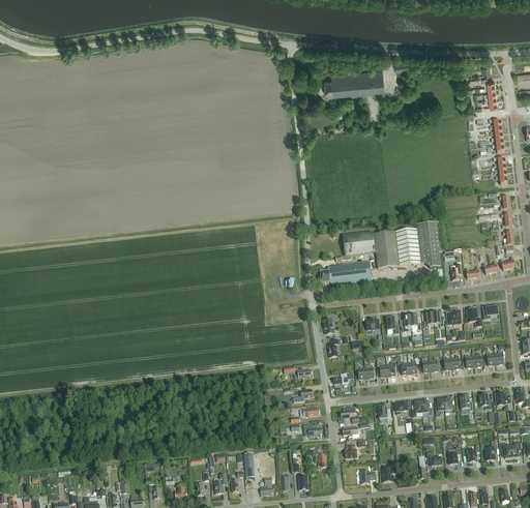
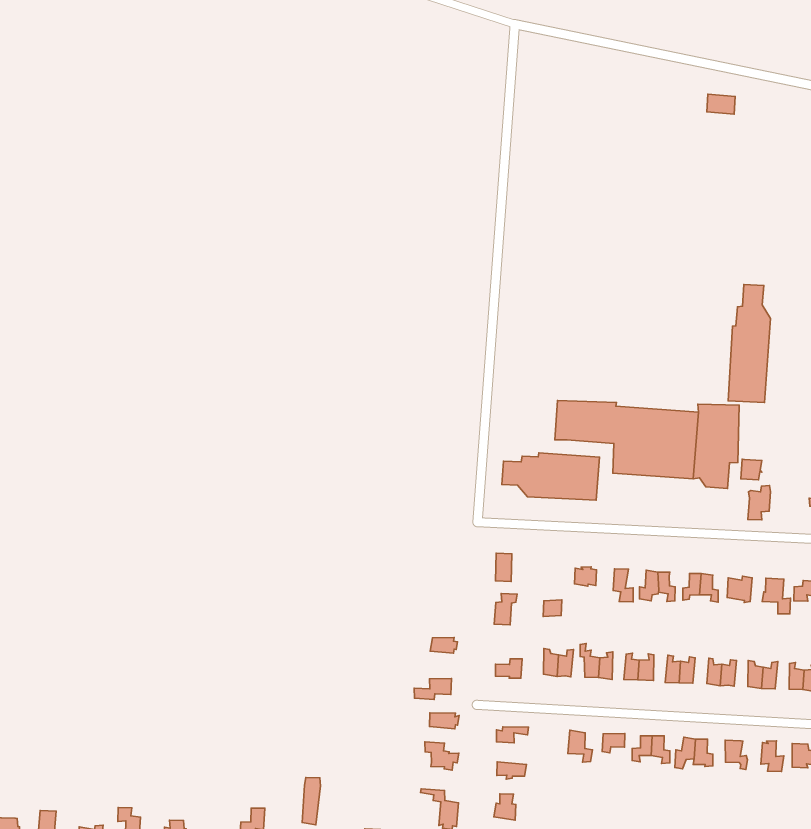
building: [324,69,385,96] -> none
building: none -> [728,285,770,403]

